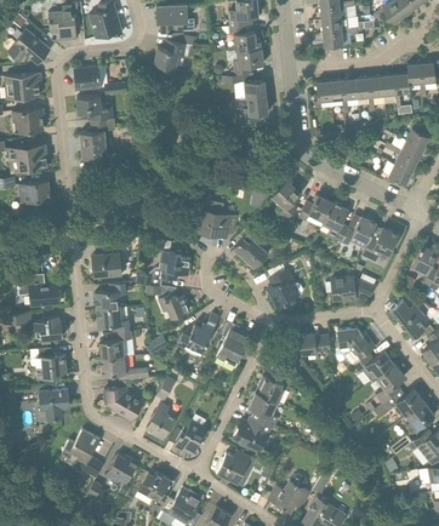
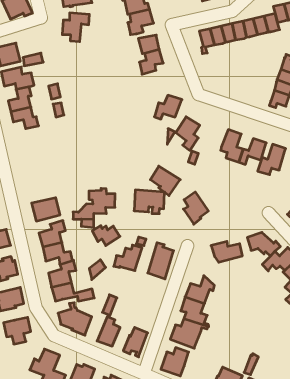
building: [298,195,333,222] -> [154,95,182,119]
building: [198,208,236,240] -> [134,190,165,214]
building: [331,278,374,302] -> none

